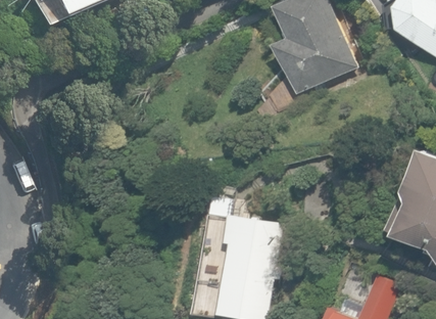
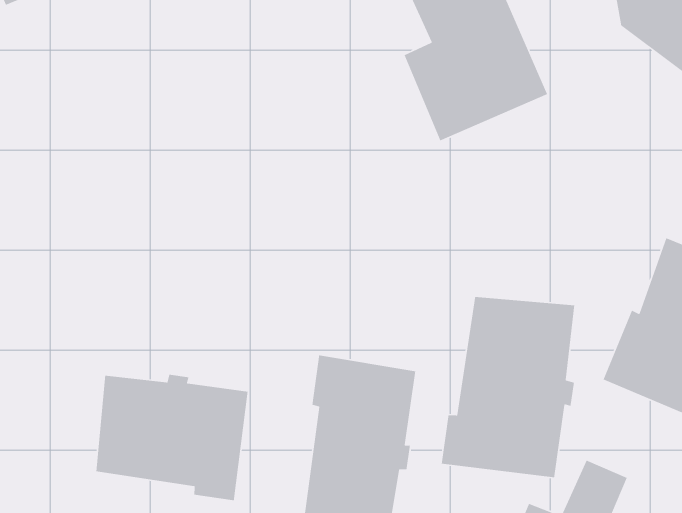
building: none -> [441,296,575,478]
building: none -> [95,374,248,501]

